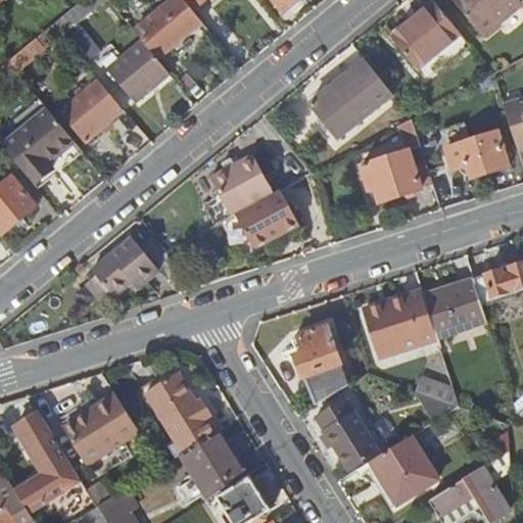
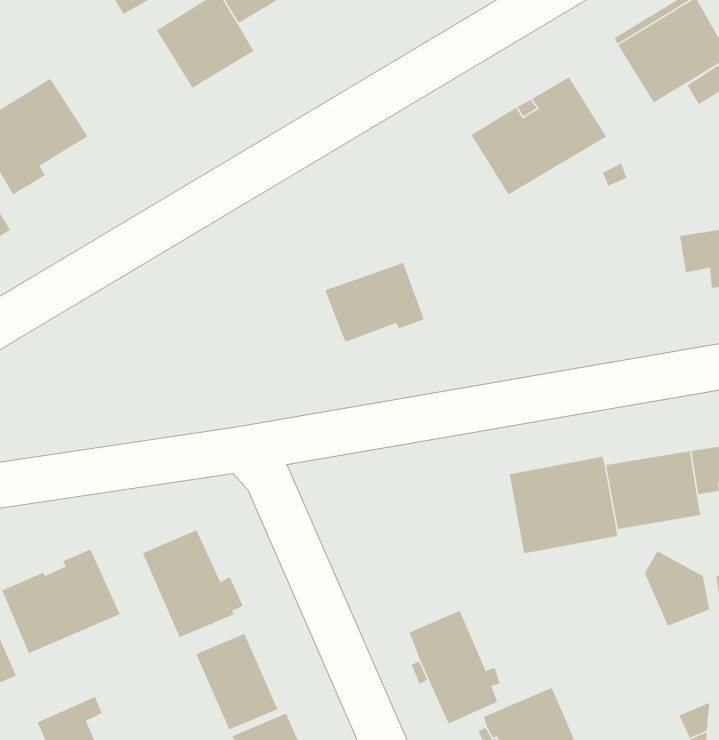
building: [59,80,124,142] -> none
building: [361,147,431,201] -> none
building: [210,156,272,216] -> none
building: [86,239,157,299] -> none
building: [291,325,347,403] -> none
building: [414,375,458,421] -> [644,550,710,627]

